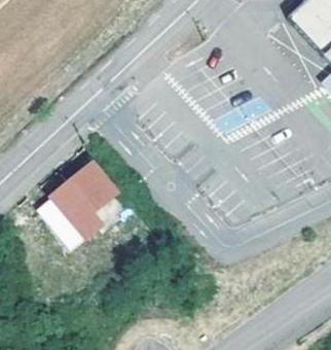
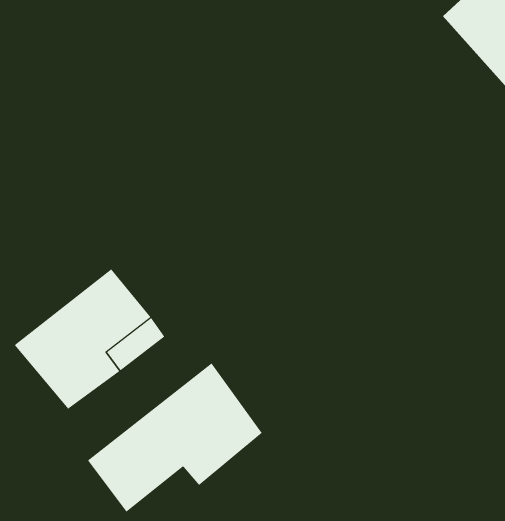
building: none -> [87,362,263,513]

